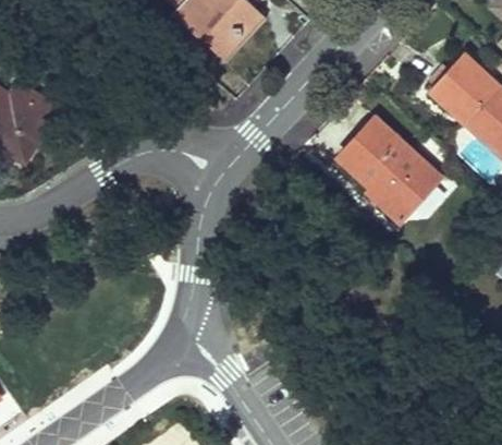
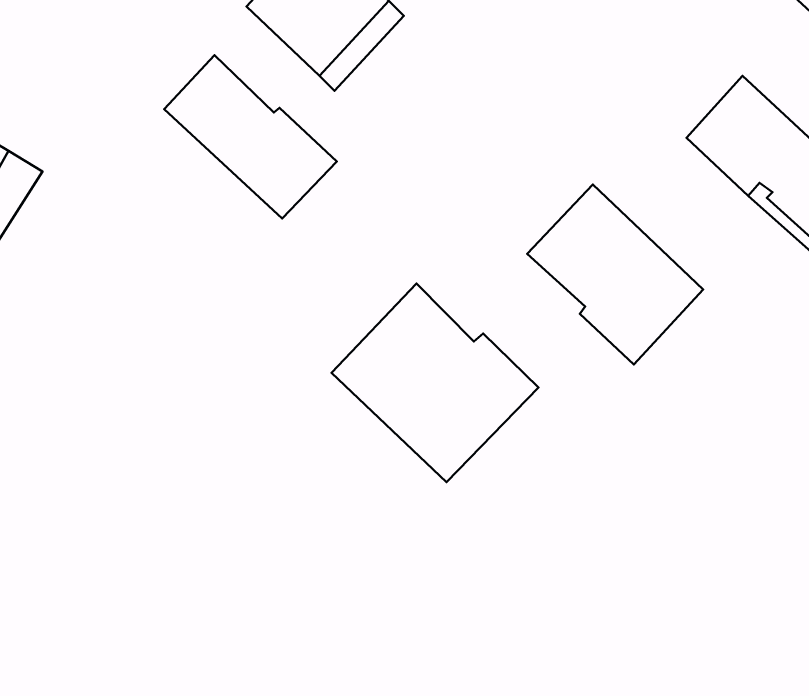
building: none -> [164,55,337,218]
building: none -> [331,283,538,482]

